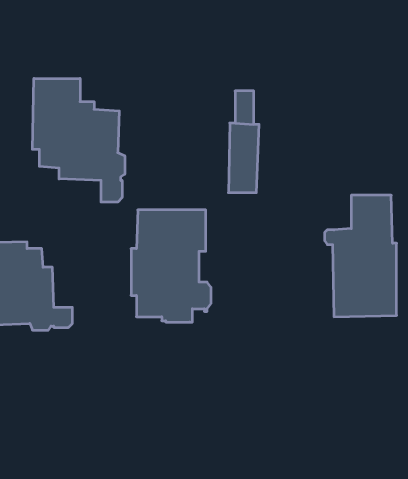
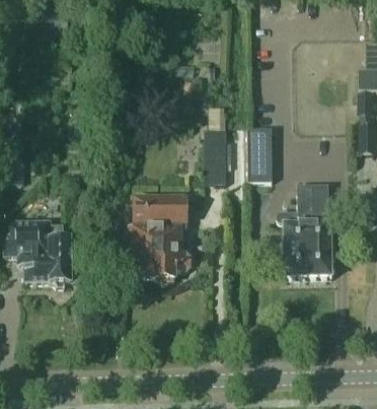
building: [32,78,125,202] -> none
building: none -> [250,135,274,188]

